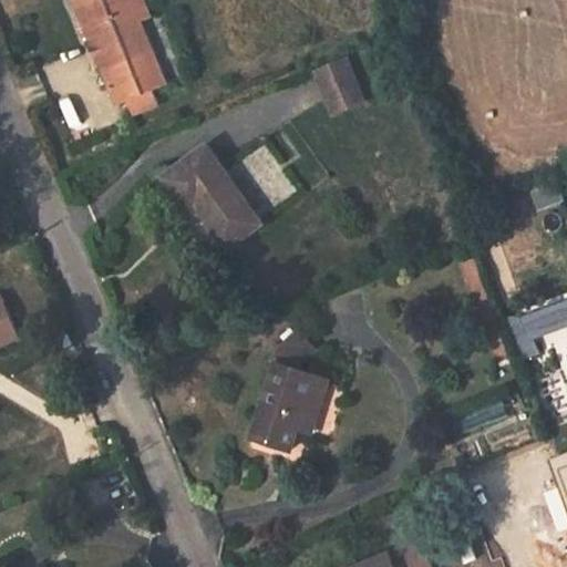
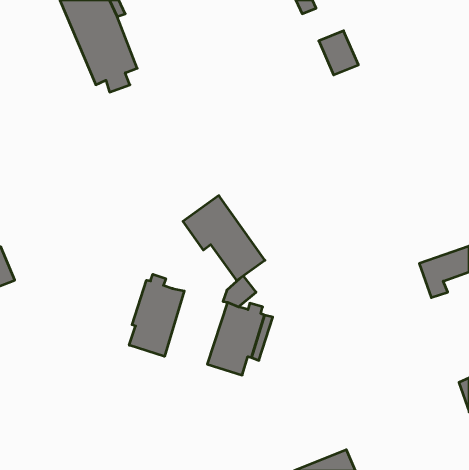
building: [316,61,363,114] -> [319,31,358,75]
building: [163,146,261,248] -> [183,196,265,280]
building: none -> [129,274,184,356]

